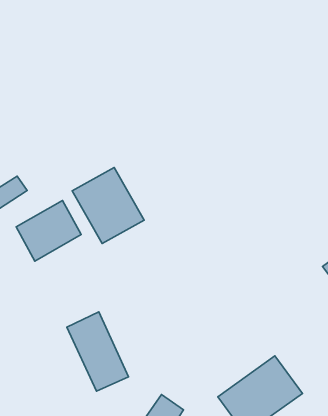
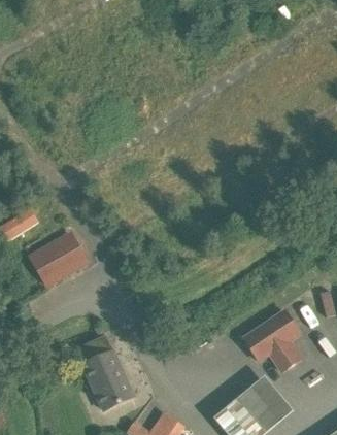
building: [72,168,144,244] -> none
building: none -> [244,310,301,371]

